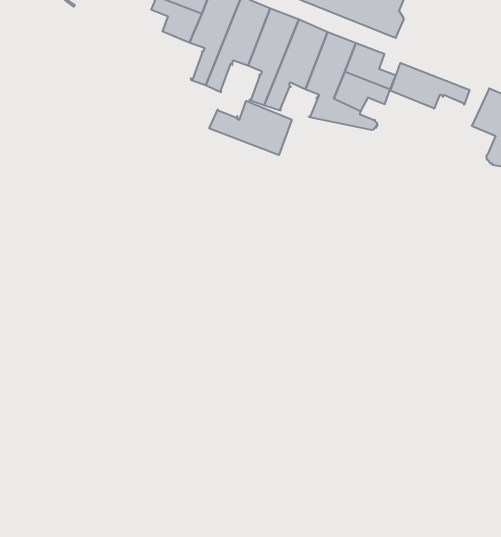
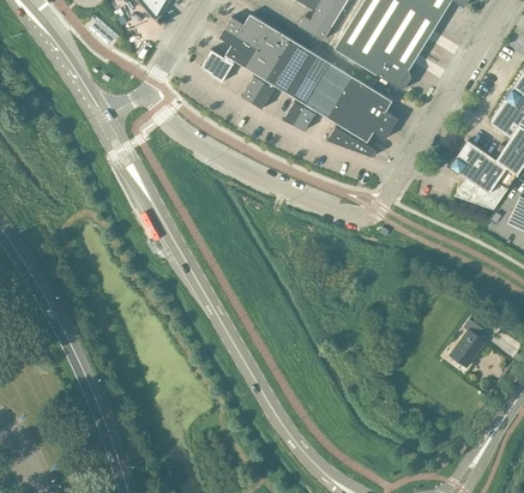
building: none -> [200,48,235,82]
building: [390,63,469,109] -> none
building: [209,101,292,155] -> none

